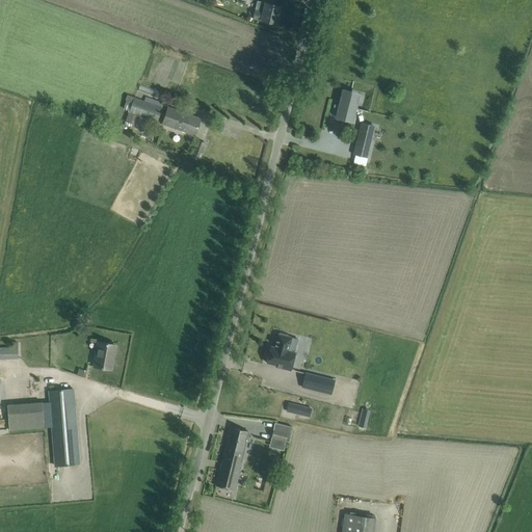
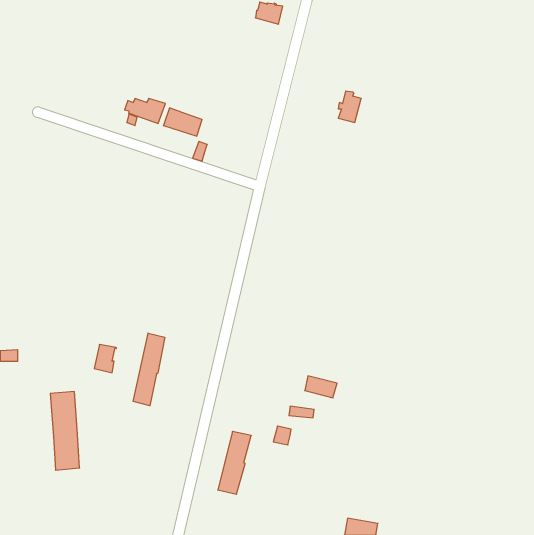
building: [353,124,376,158] -> none
building: none -> [133,333,165,406]
building: [268,334,296,370] -> none
building: [8,402,46,429] -> none

